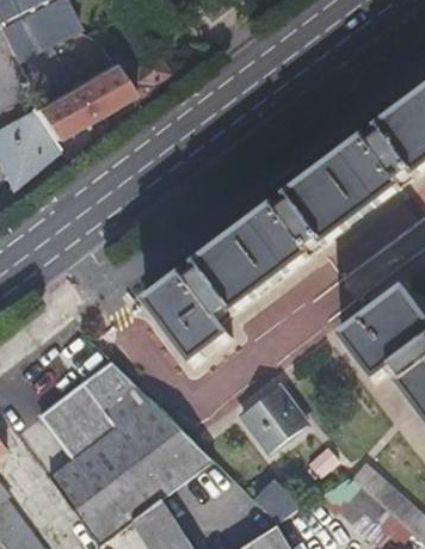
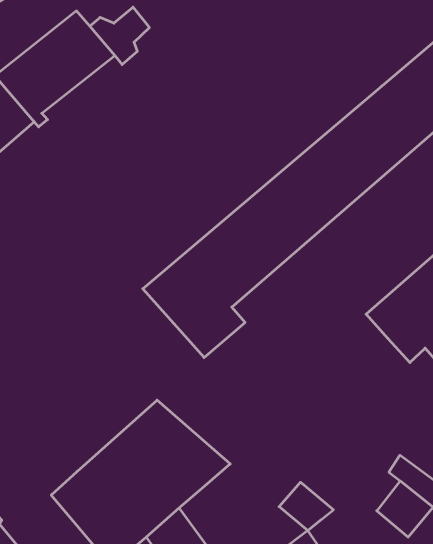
building: [42,357,149,457] -> none
building: [241,387,306,451] -> none

